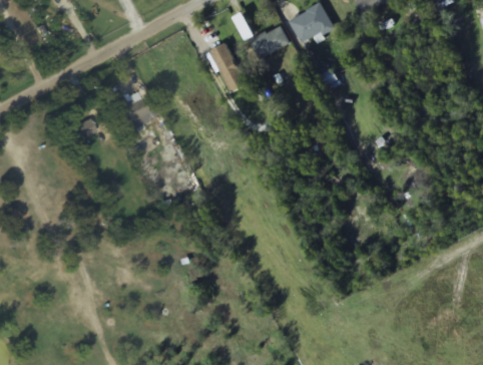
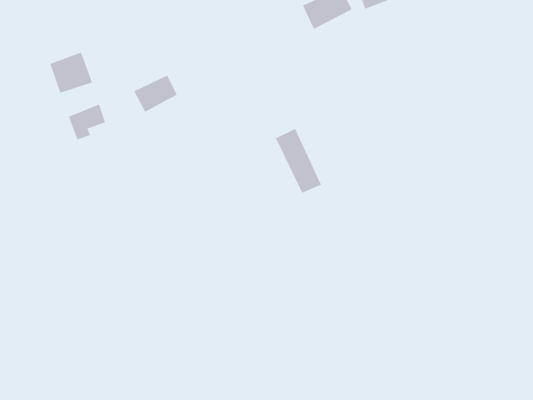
building: [211,41,249,93] -> [275,128,322,193]
building: none -> [49,52,93,93]

